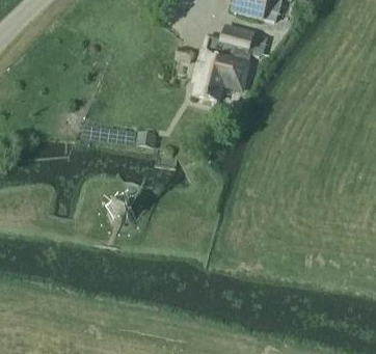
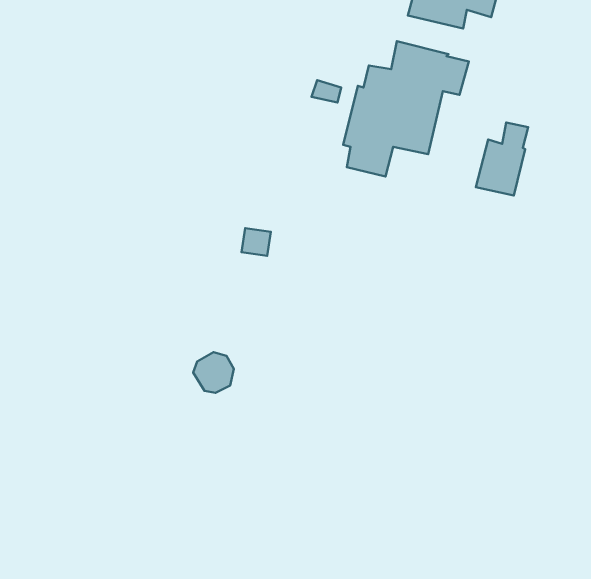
building: none -> [476,122,528,195]

